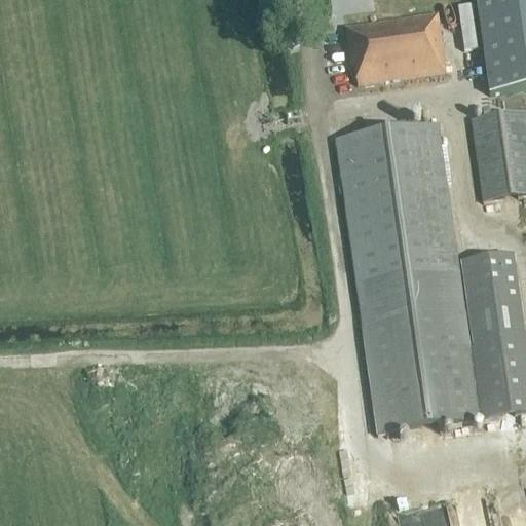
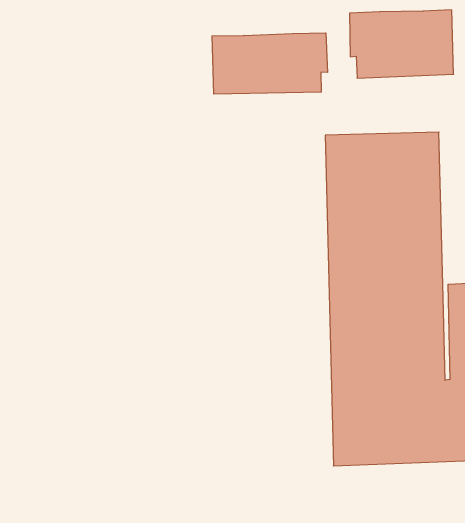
building: none -> [212,33,327,94]

